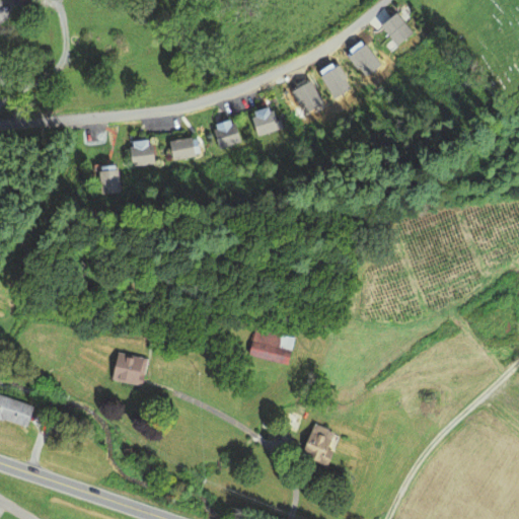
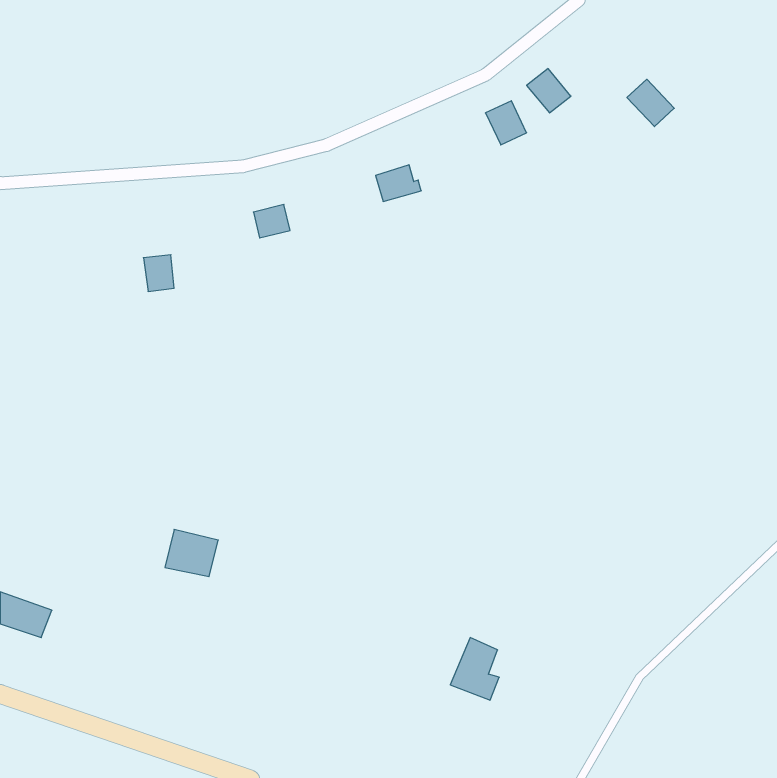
building: [380,14,412,46] -> [627,79,674,127]
building: [294,82,323,114] -> none
building: [214,124,241,148] -> none
building: [129,144,154,165] -> none
building: [249,328,294,364] -> none

